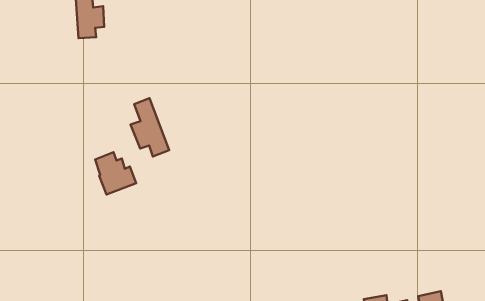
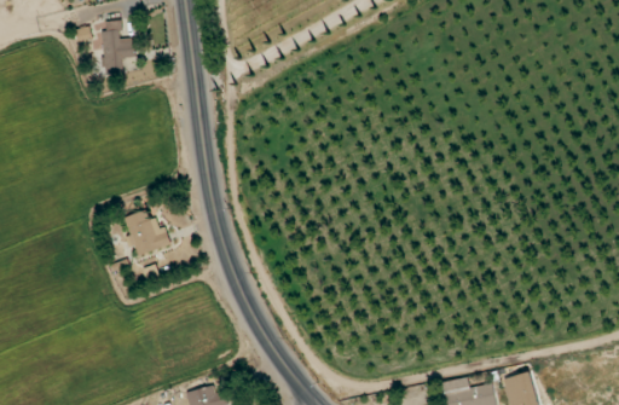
building: [131,98,169,157] -> none

